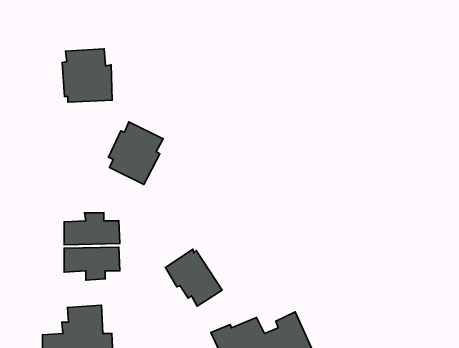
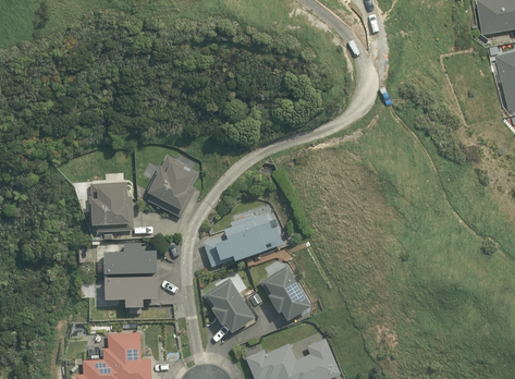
building: [62,49,112,102] -> [87,181,135,232]
building: none -> [204,212,283,267]
building: none -> [258,266,312,319]

